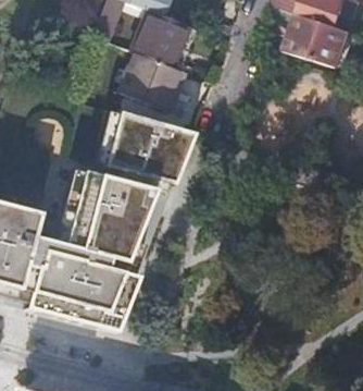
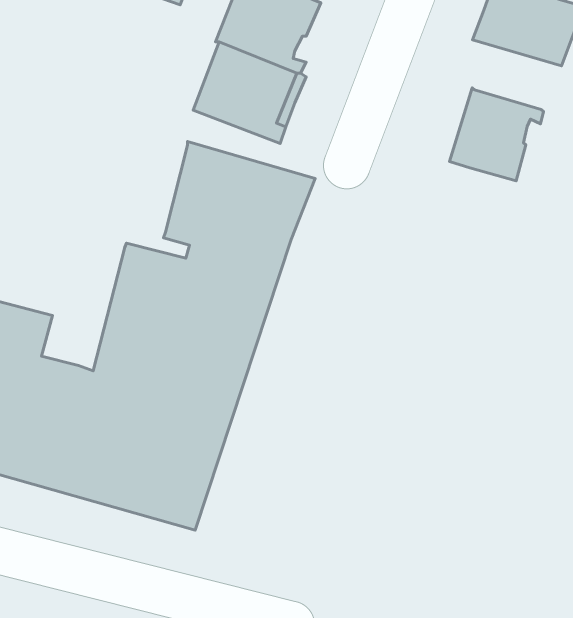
building: none -> [450,88,543,181]

